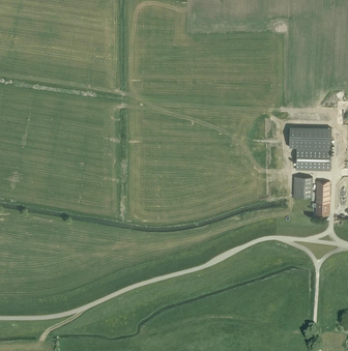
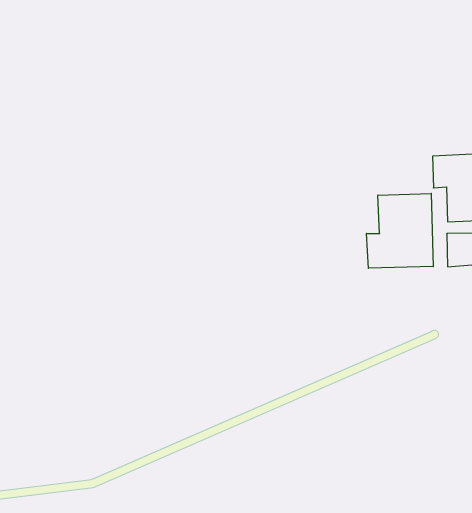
building: none -> [367,193,433,268]

